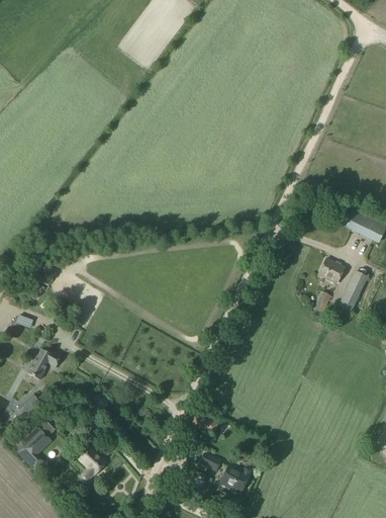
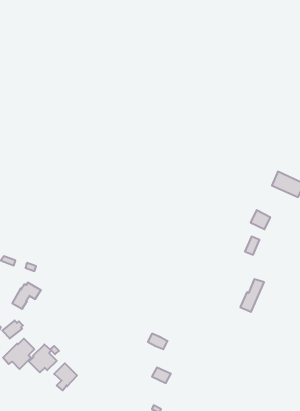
building: [339,272,368,313] -> [240,279,264,312]
building: none -> [29,344,57,372]
building: [220,464,250,494] -> none

